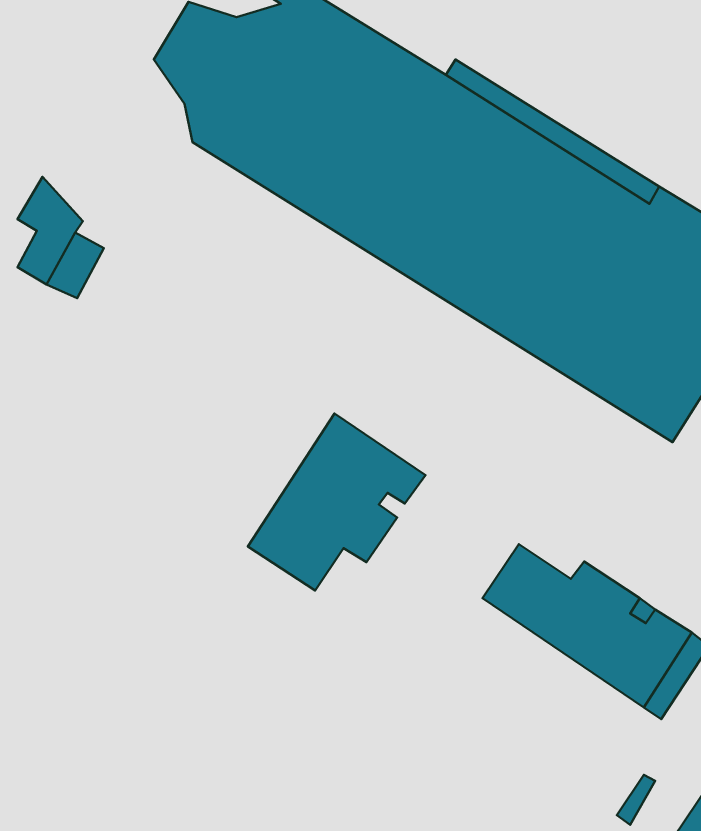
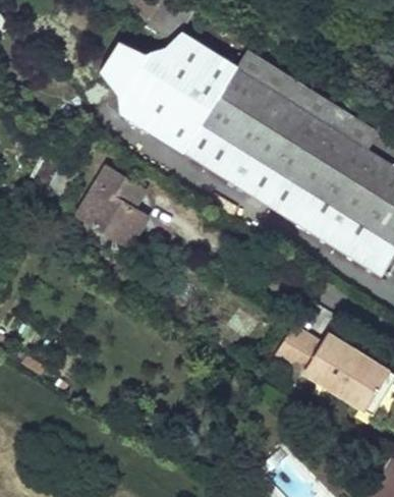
building: none -> [77,164,149,245]
building: [248,413,426,590] -> none

